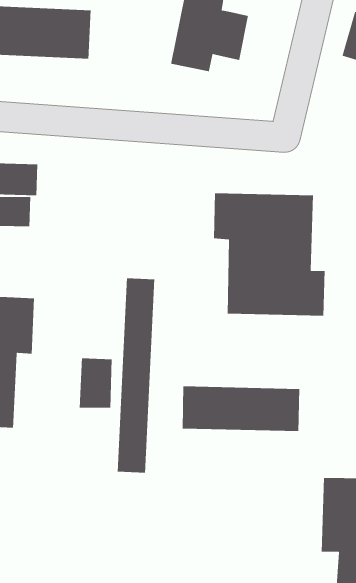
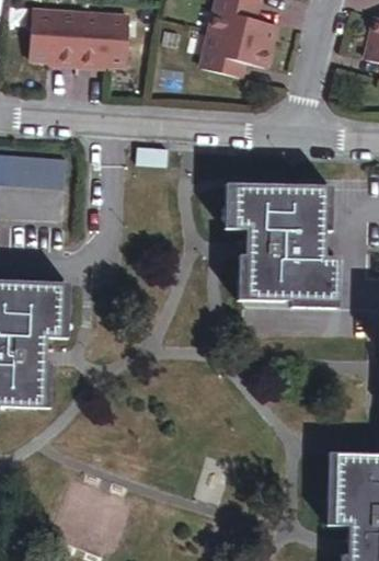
building: [117,278,155,473] -> none
building: [79,357,112,409] -> none
building: [182,386,300,432] -> none

